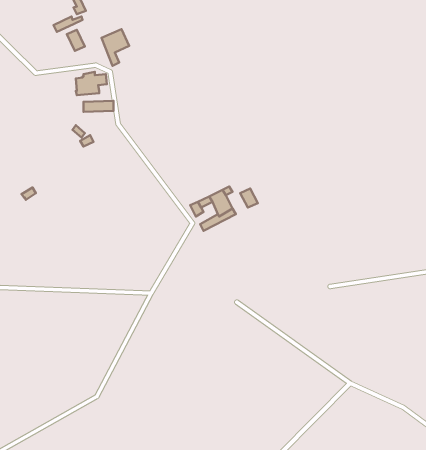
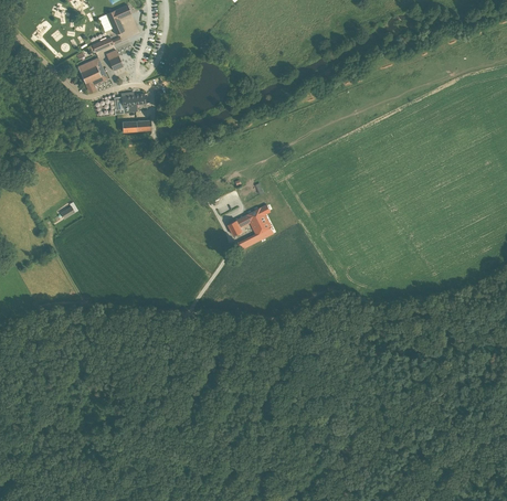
building: [101,29,129,66] -> [78,58,106,95]

